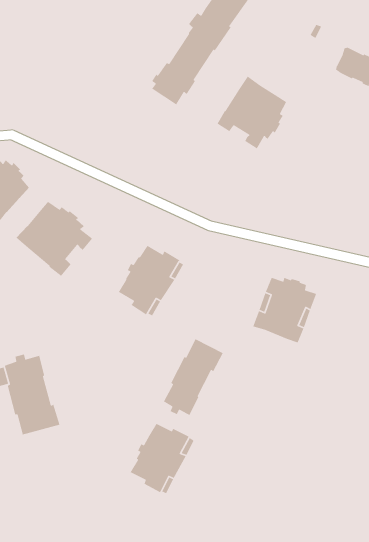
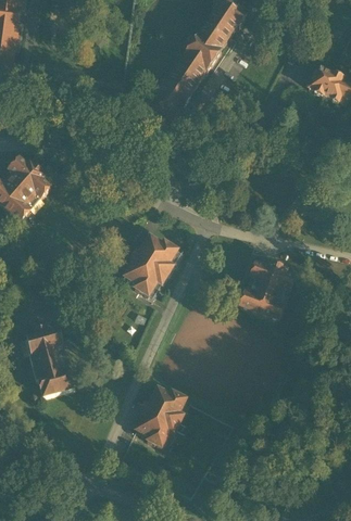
building: [216,76,287,149] -> none
building: [16,201,93,277] -> none
building: [163,338,224,416] -> none

